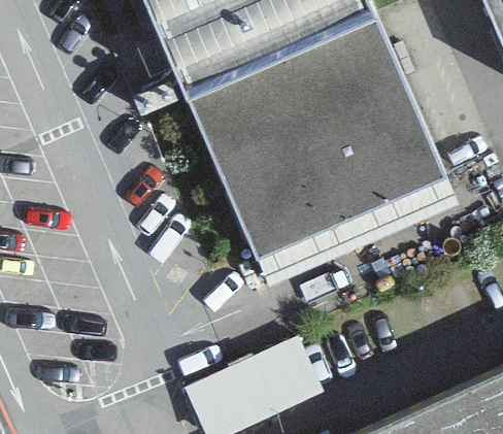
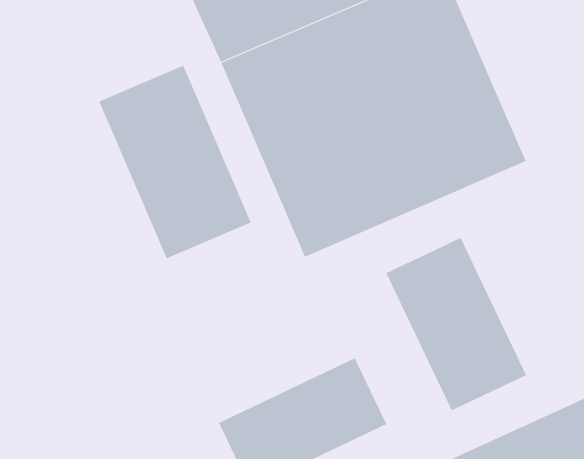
building: none -> [98,65,252,259]
building: none -> [386,237,527,411]

